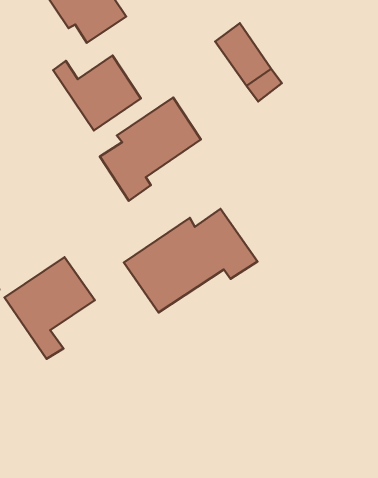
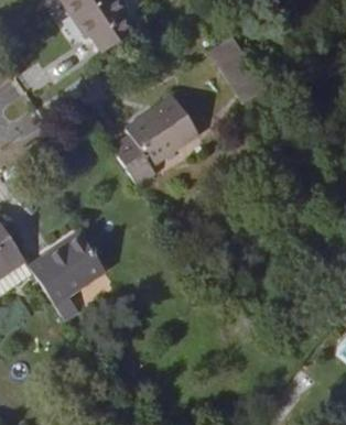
building: [53,55,141,130] -> none
building: [124,209,257,312] -> none

